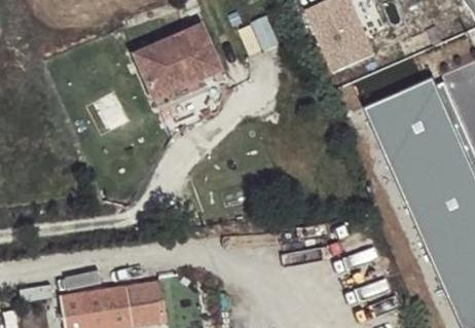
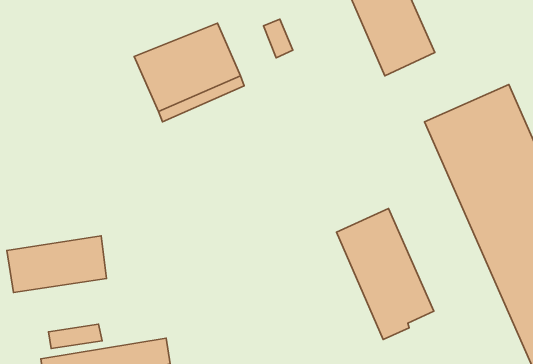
building: none -> [337,209,434,339]
building: none -> [7,236,106,292]

